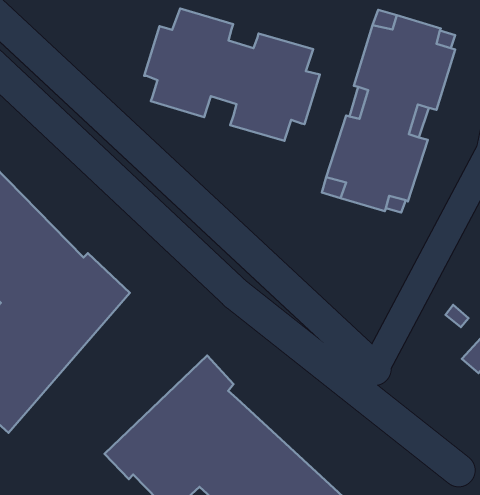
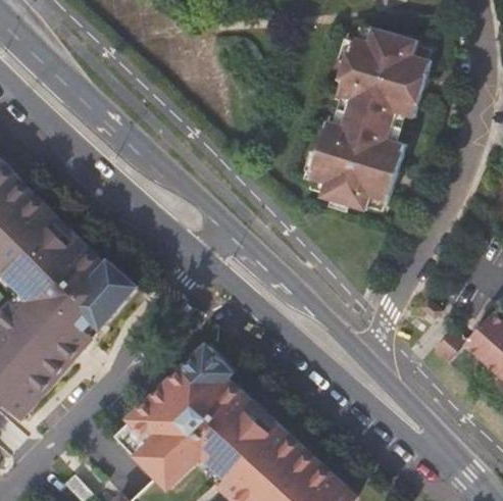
building: [144,8,320,141] -> none

